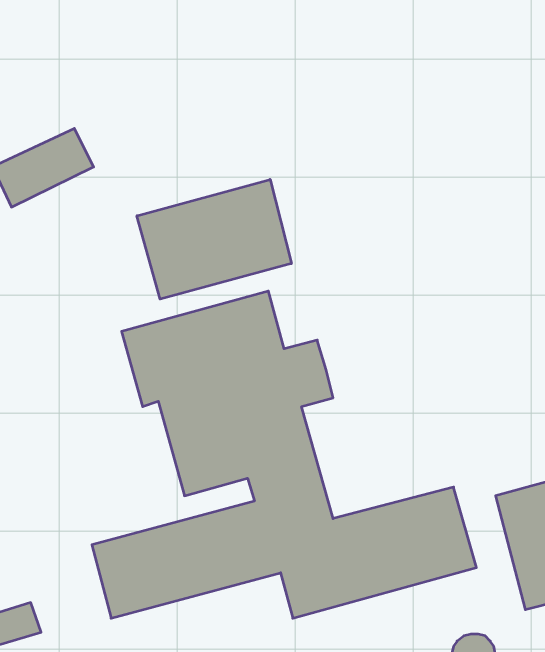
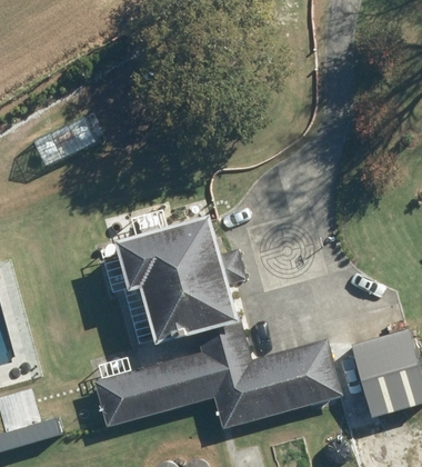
building: [137,179,291,299] -> none

